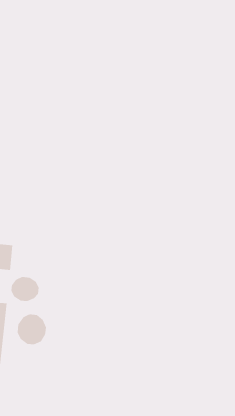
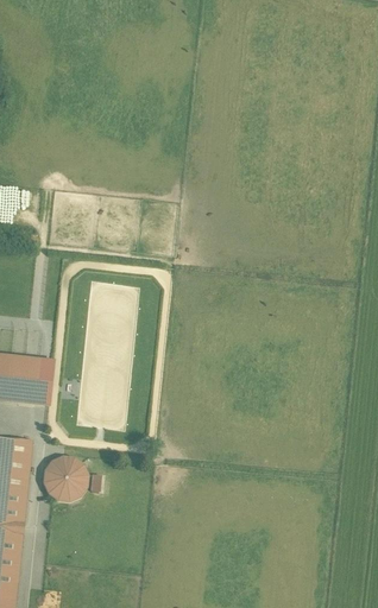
building: [11,276,39,302] -> none

